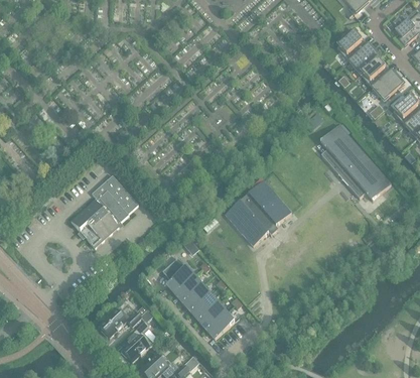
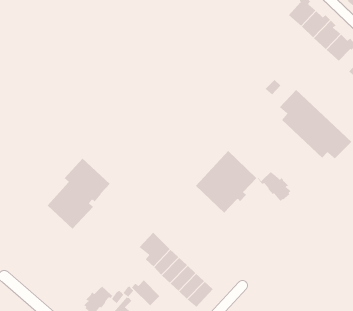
building: none -> [257,171,291,202]
building: none -> [131,280,160,306]

